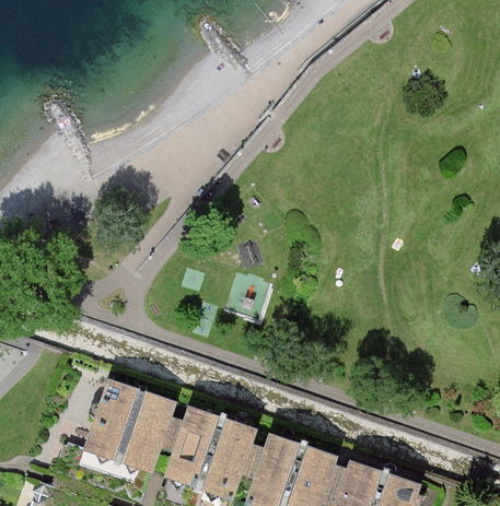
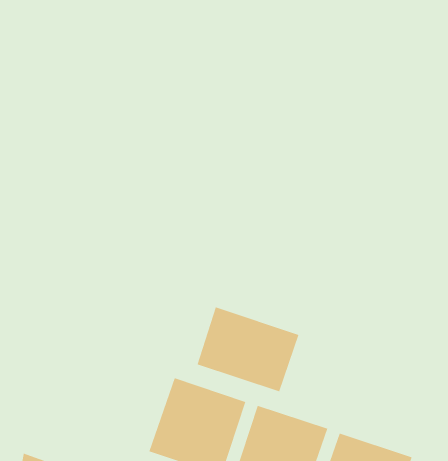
building: none -> [197,307,299,392]
building: [82,378,176,474] -> none

